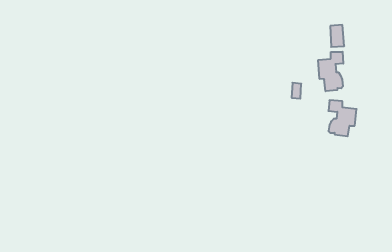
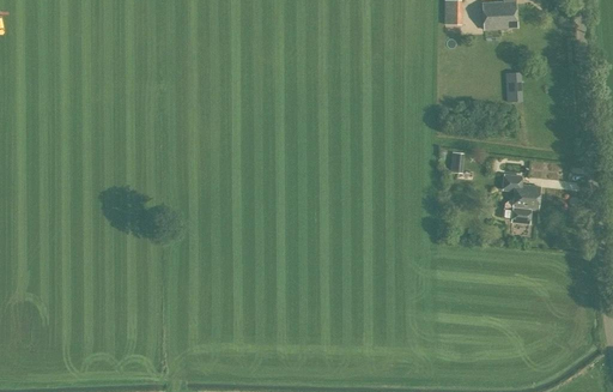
building: [318,52,343,91] -> none

